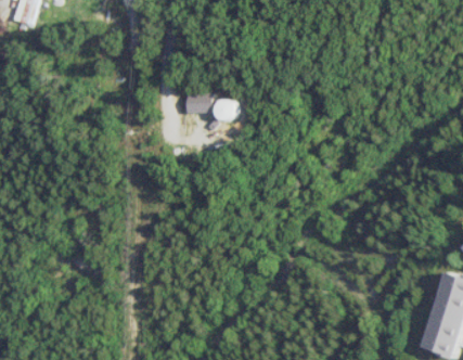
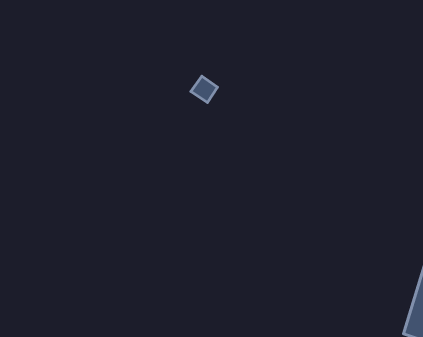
building: [187,92,214,113] -> none

